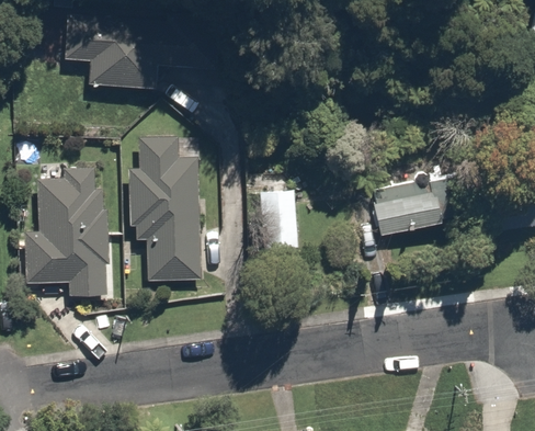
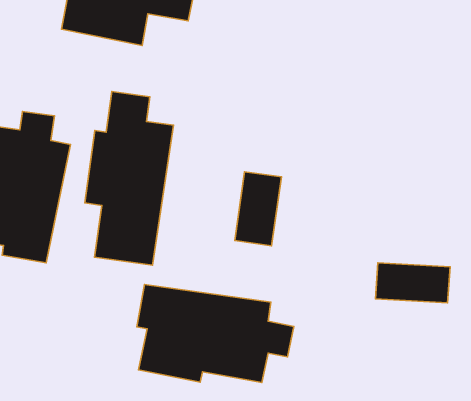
building: [371,196,436,234] -> [375,263,450,303]
building: none -> [137,284,294,382]

